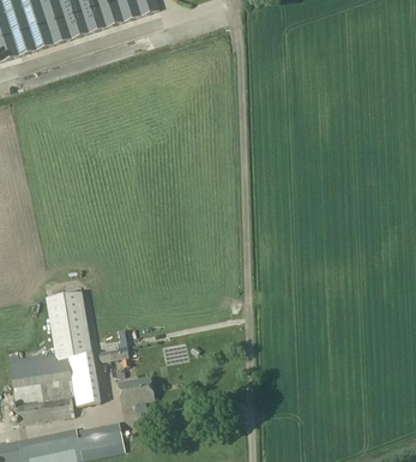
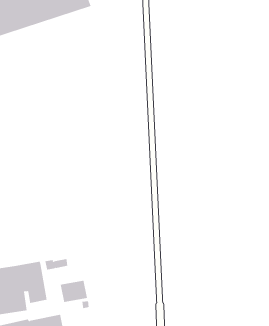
building: [46,292,90,356] -> none

